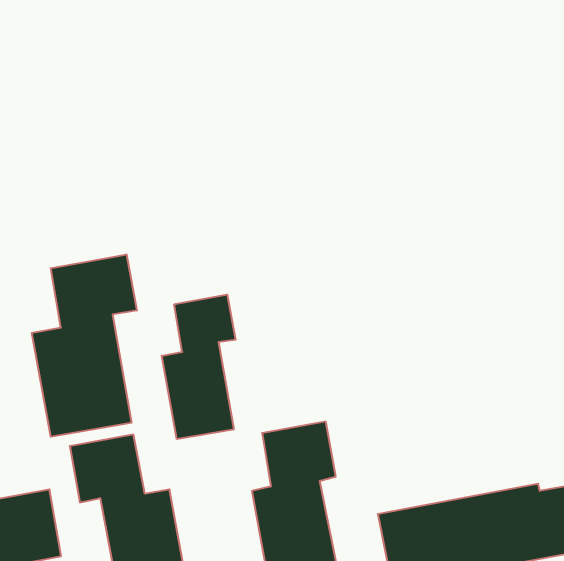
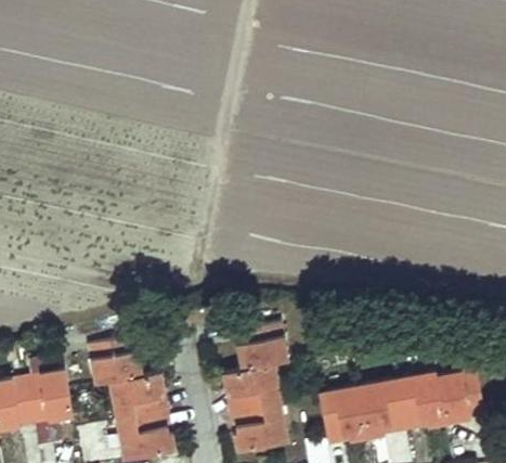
building: [32,254,137,437] -> none
building: [162,295,236,439] -> none

